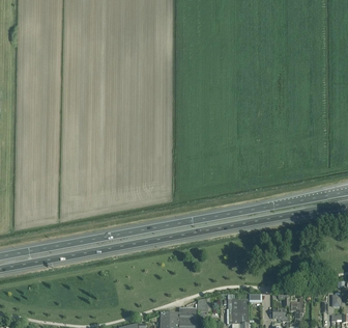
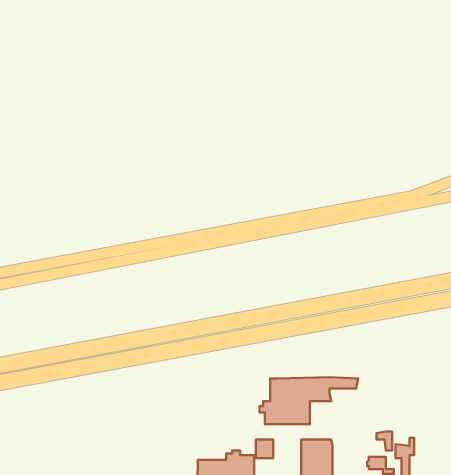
building: none -> [260,377,358,424]

